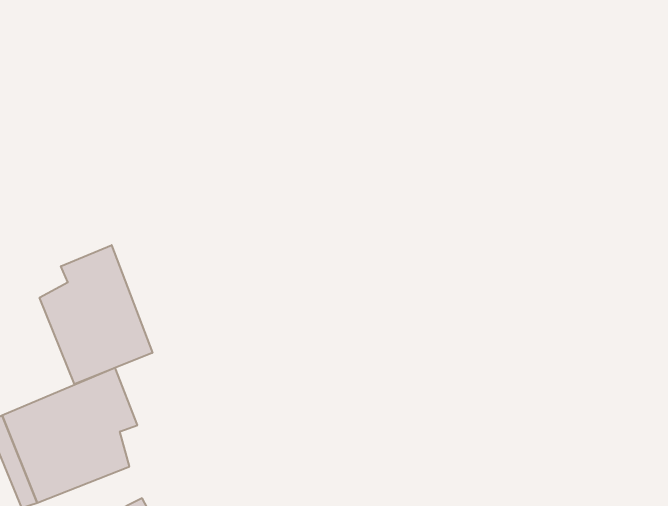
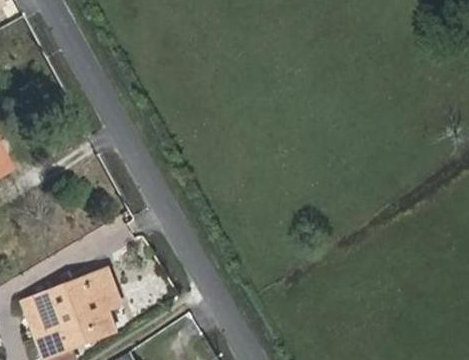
building: [40,245,152,384] -> none

